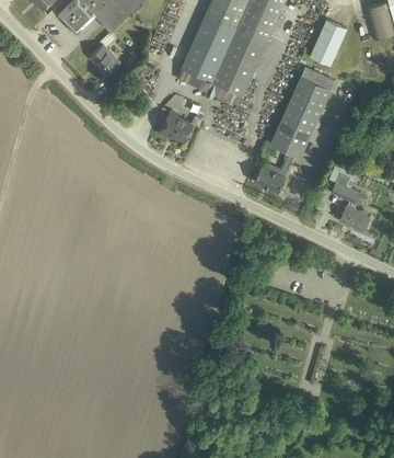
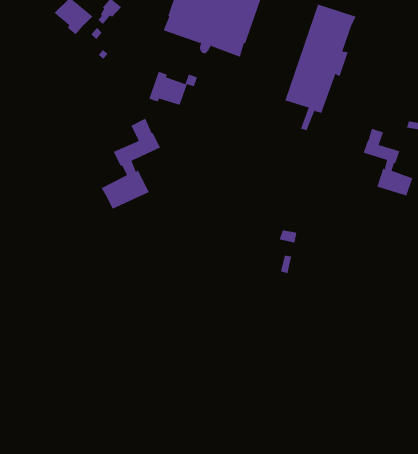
building: none -> [101,118,161,209]
building: [254,160,287,192] -> none

